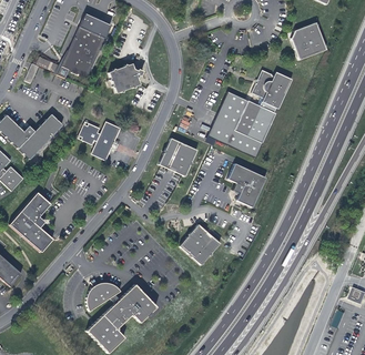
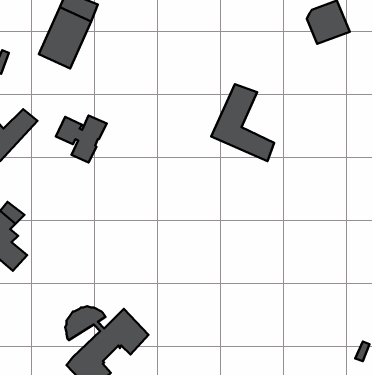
building: [108,61,143,91] -> none
building: [235,68,292,142] -> none
building: [159,136,197,175] -> none
building: [226,163,264,207] -> none
building: [181,222,222,263] -> none

